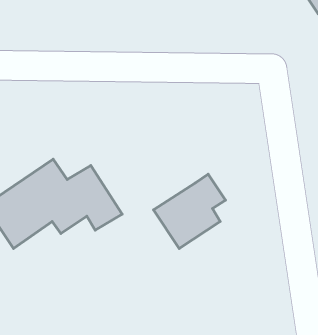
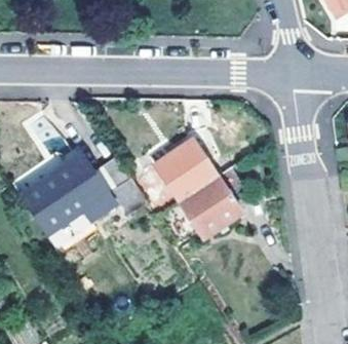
building: none -> [154,139,218,201]

